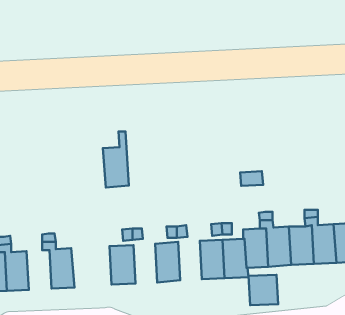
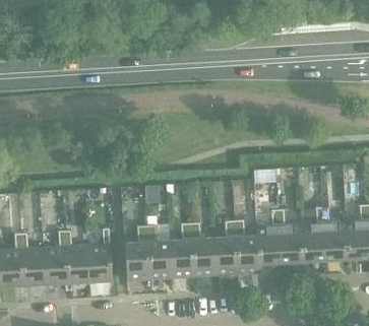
building: [103,132,129,188] -> [85,227,111,282]
building: none -> [190,237,213,275]
building: none -> [146,240,170,278]
building: none -> [42,246,66,284]
building: [248,275,278,305] -> none

